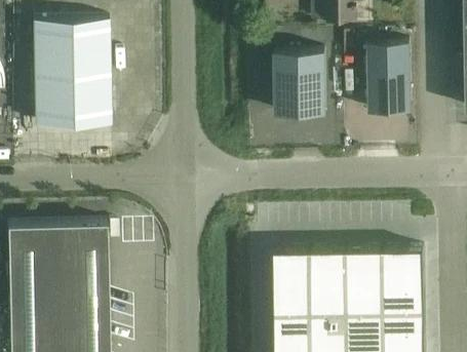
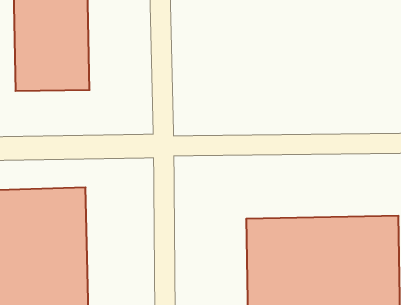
building: [367,44,411,115] -> none
building: [275,53,325,116] -> none

